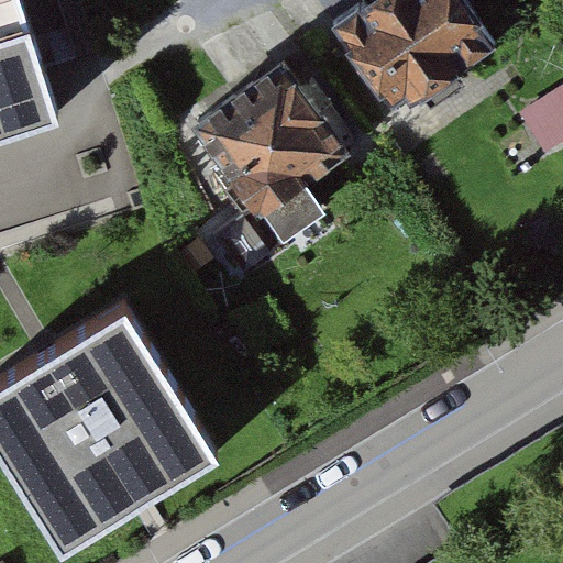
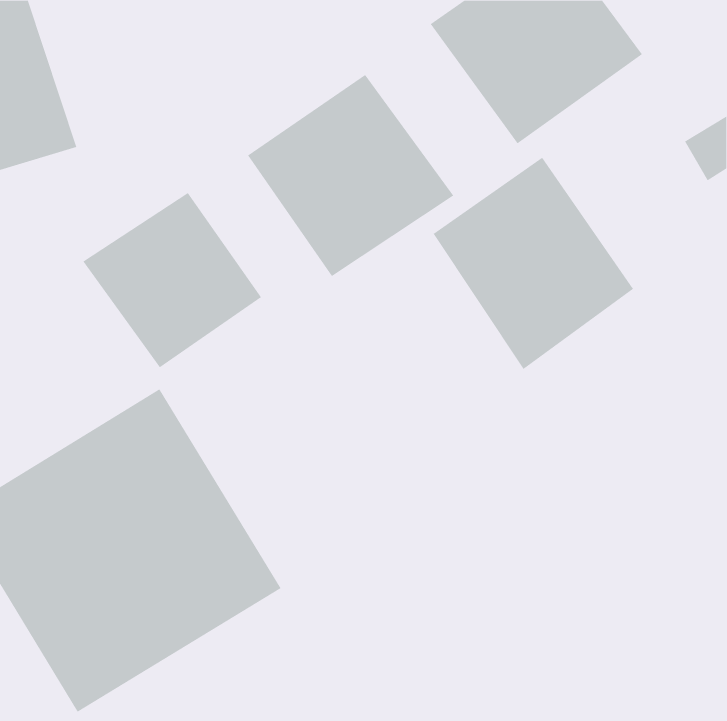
building: none -> [433,157,634,370]
building: none -> [82,192,262,368]

